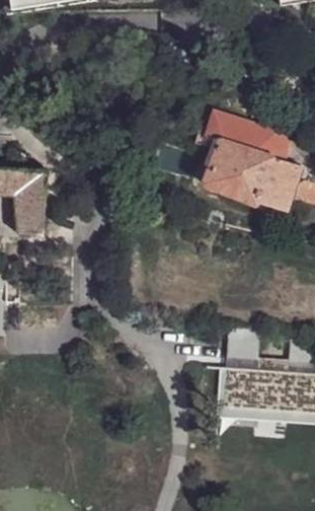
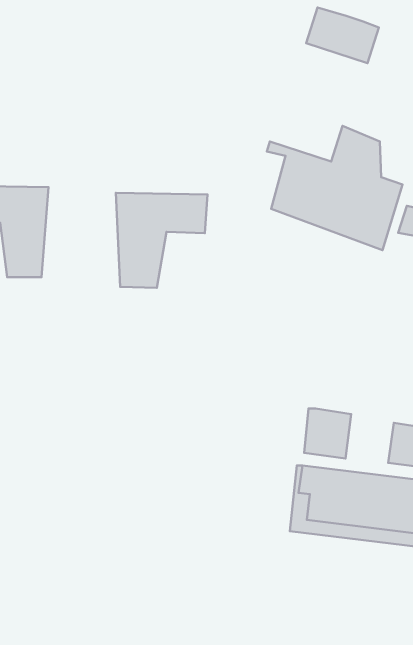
building: [205,112,256,151] -> [306,7,379,63]
building: none -> [116,193,208,288]

